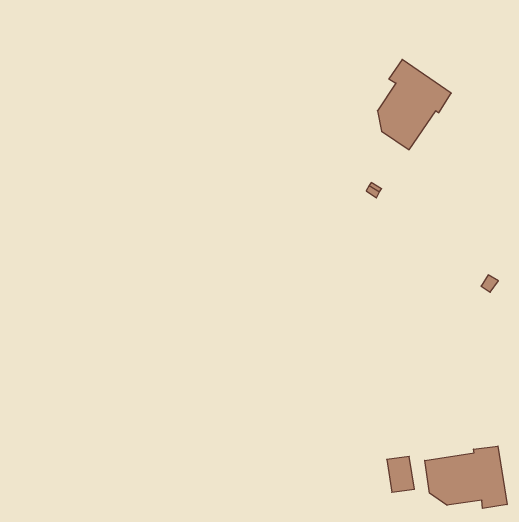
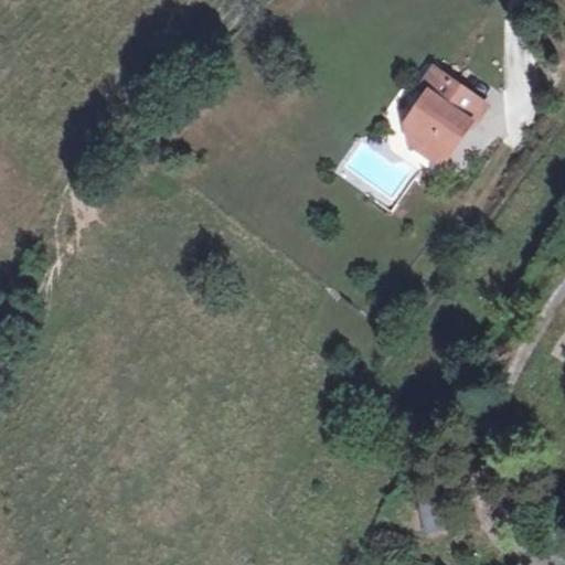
building: [425,446,507,508] -> none

